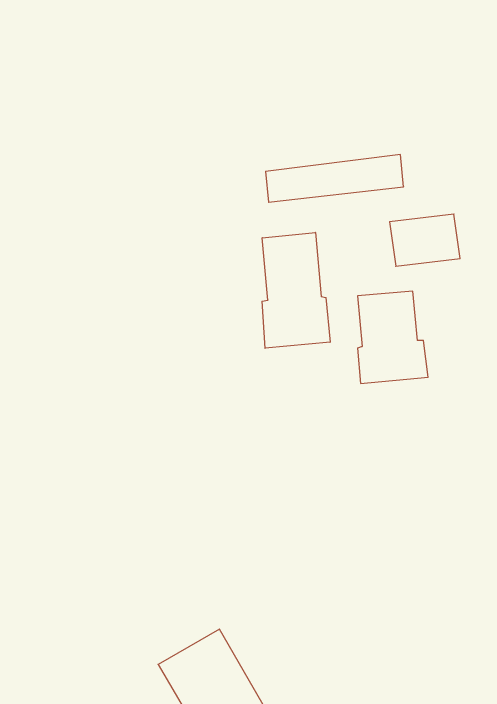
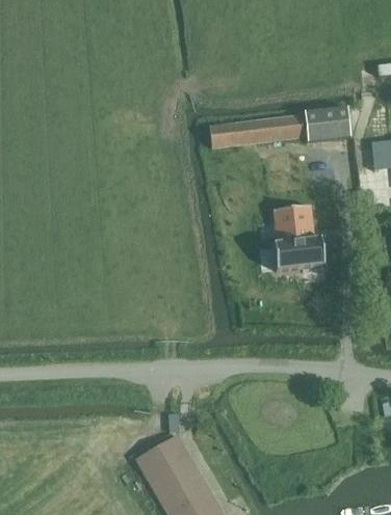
building: [390,214,460,266] -> [304,105,351,140]
building: [262,232,330,348] -> none

